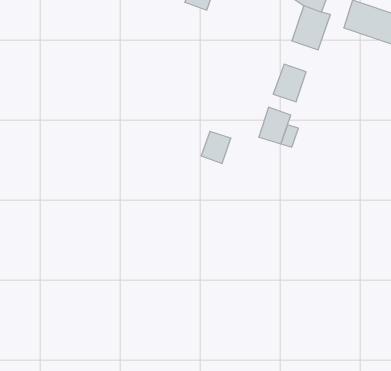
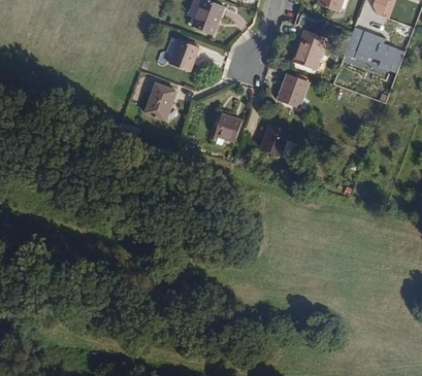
building: none -> [171,40,200,71]
building: none -> [143,82,174,119]
building: [201,131,231,164] -> [214,113,241,143]

